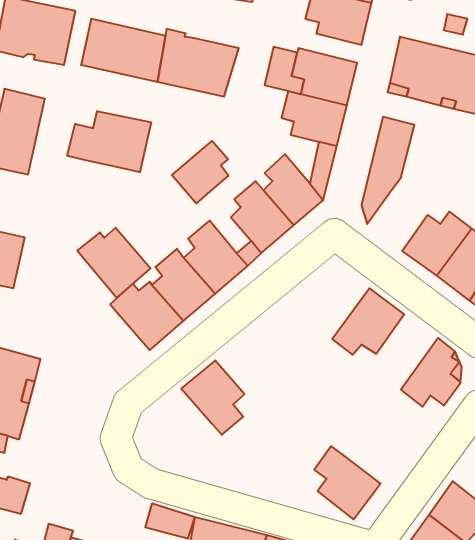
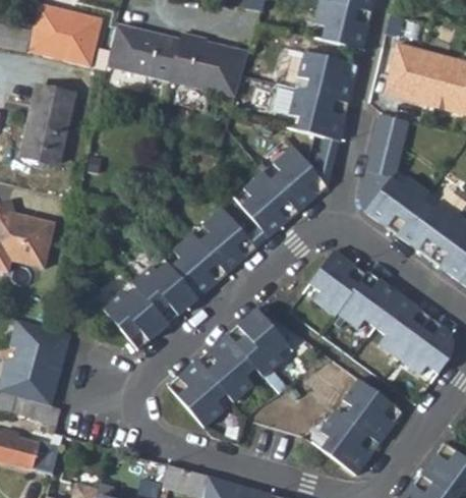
building: [67,111,151,172] -> none
building: [172,141,228,204] -> none
building: none -> [364,177,427,235]
building: [77,228,151,298] -> [102,288,168,351]
building: none -> [307,250,364,317]
building: none -> [372,292,428,361]
building: none -> [227,309,287,376]
building: none -> [165,359,224,430]
building: none -> [340,381,402,445]

